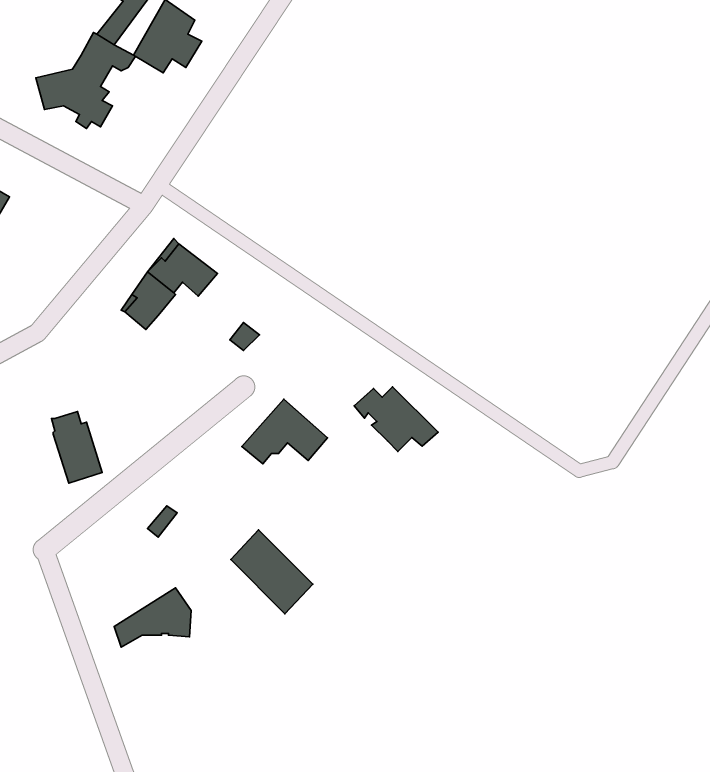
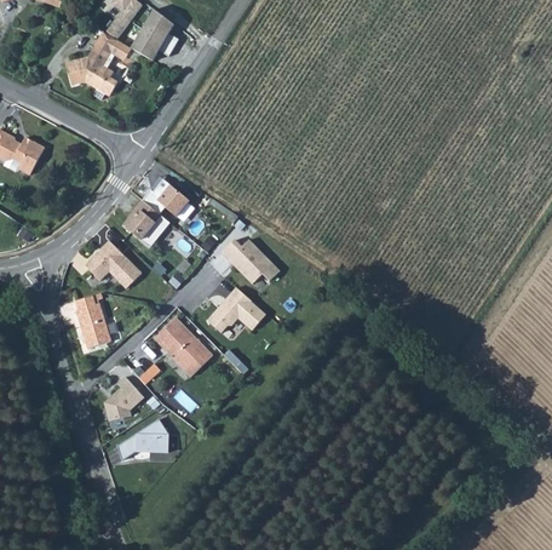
building: none -> [85,240,142,287]
building: [354,387,438,451] -> [222,239,280,283]
building: none -> [103,377,143,420]
building: [231,530,313,614] -> [154,317,211,376]

